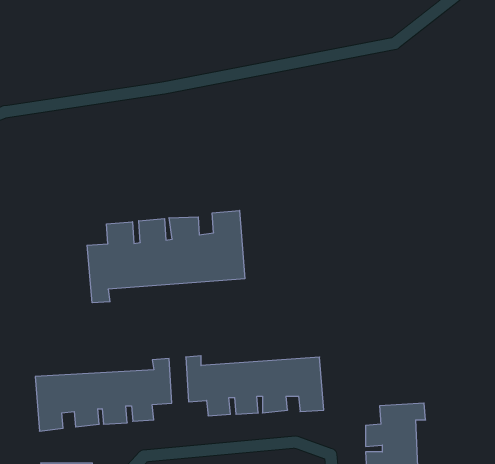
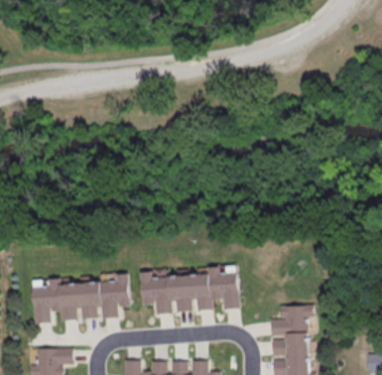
building: [87,210,245,303] -> none

